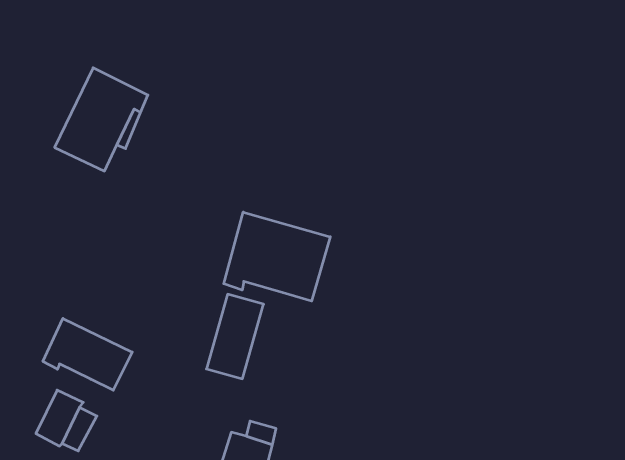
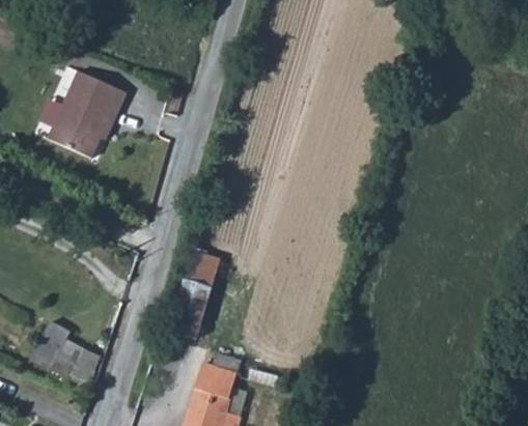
building: [224,212,330,301] -> none
building: [43,318,132,390] -> none

